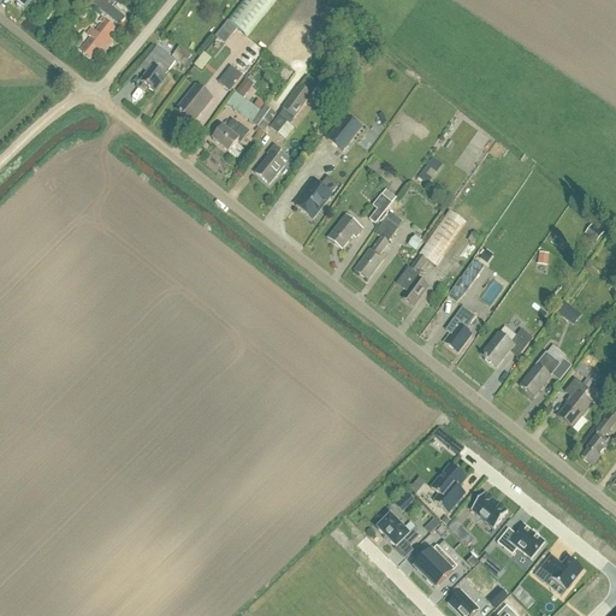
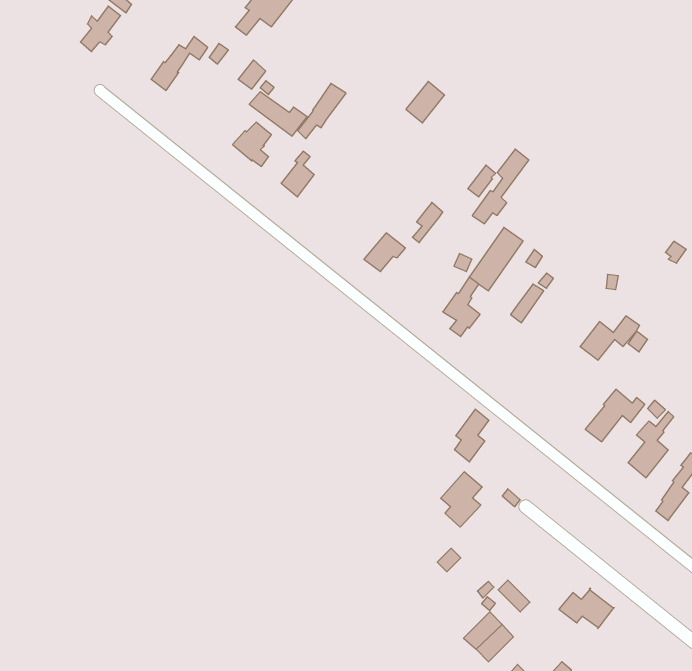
building: [177,83,213,120] -> none
building: [327,113,361,149] -> [406,81,445,123]
building: [296,177,331,215] -> none
building: [354,209,403,274] -> [472,149,529,224]
building: [445,304,475,350] -> [454,409,489,462]
building: [481,326,533,365] -> [580,316,640,360]
building: [431,462,467,510] -> [441,472,482,527]
building: [472,491,508,526] -> none
building: [378,513,422,545] -> none
building: [535,553,582,588] -> none

